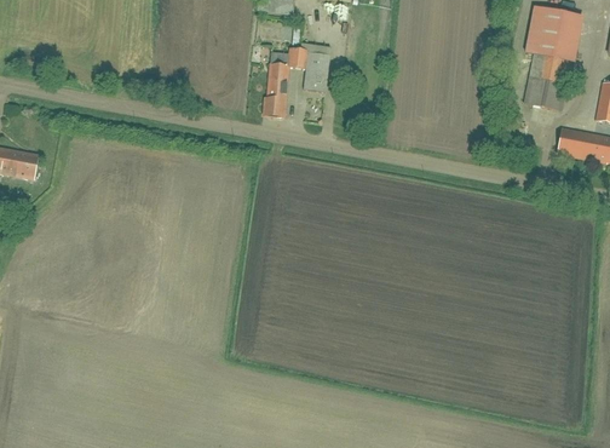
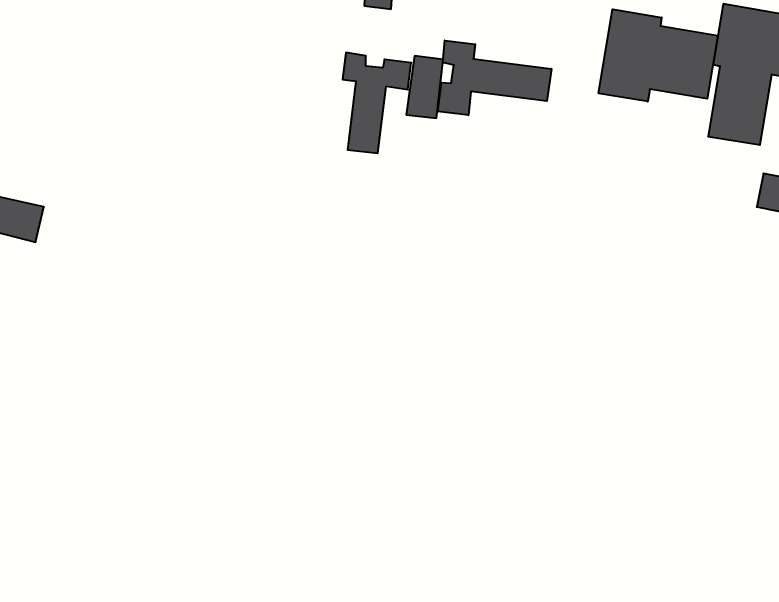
building: none -> [599,9,718,102]
building: none -> [438,40,551,115]

